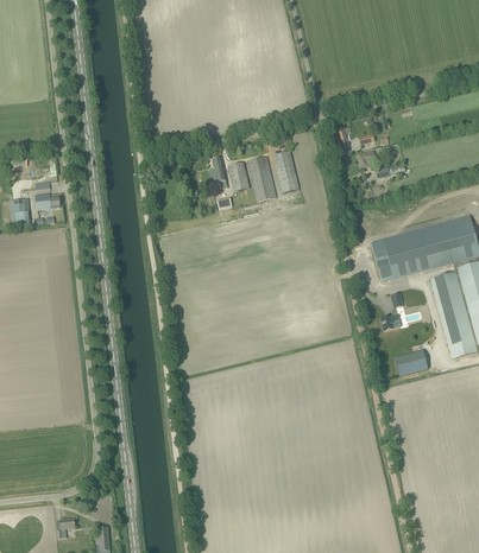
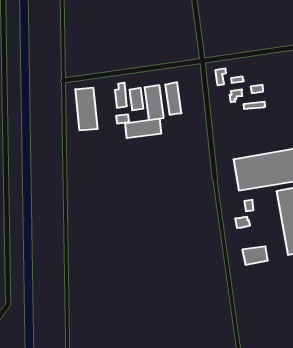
building: none -> [75,88,97,130]
building: none -> [125,119,161,138]

